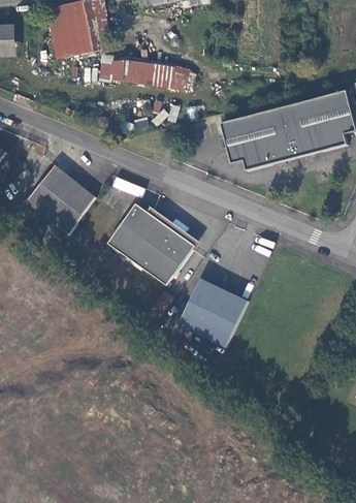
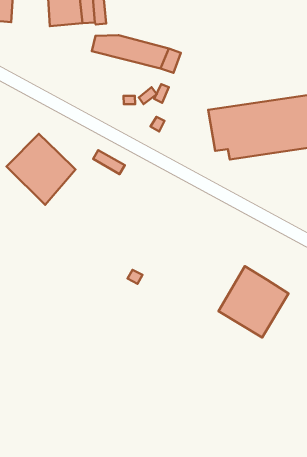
building: [109,205,195,285] -> none
building: [180,279,248,348] -> [218,266,289,337]

